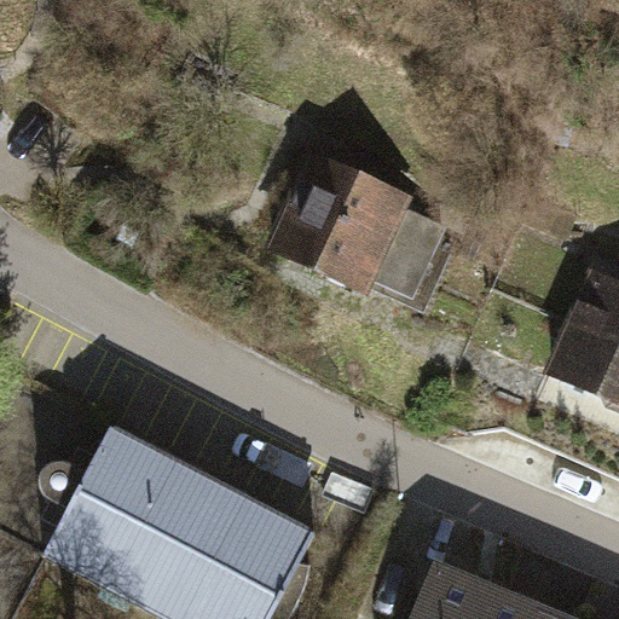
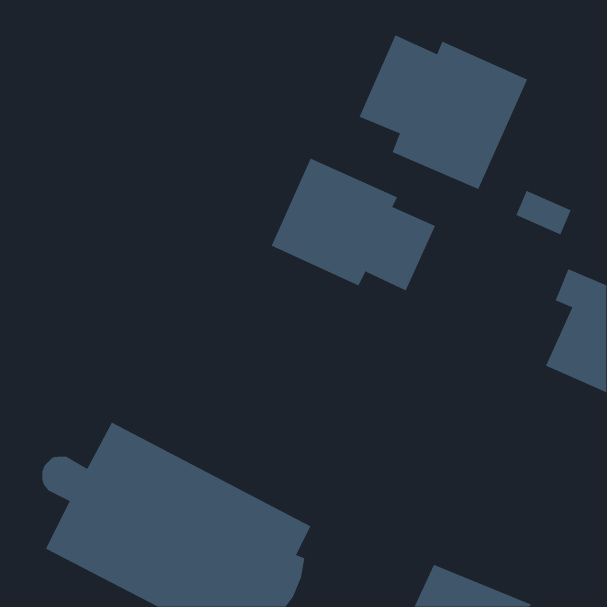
building: none -> [359,35,528,190]

